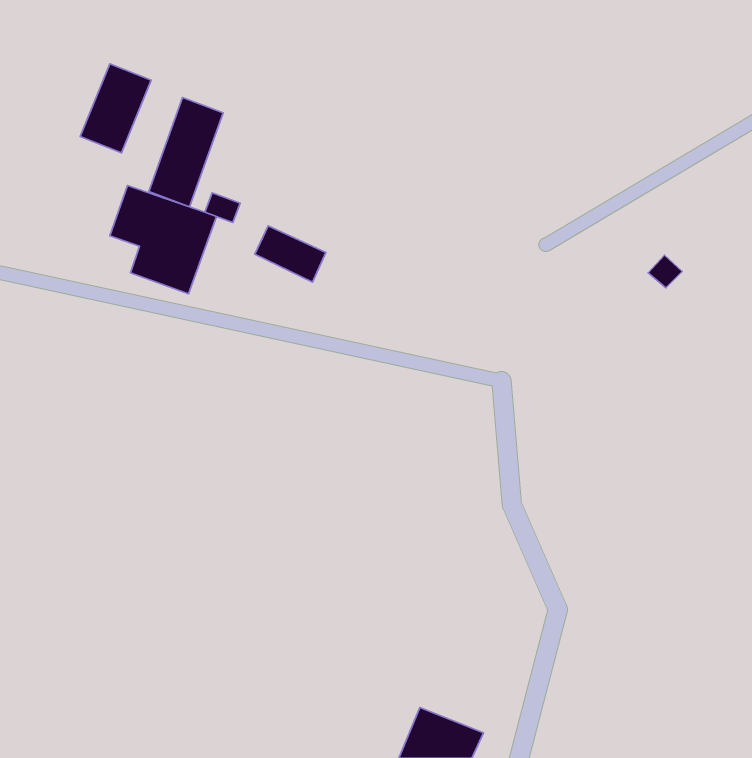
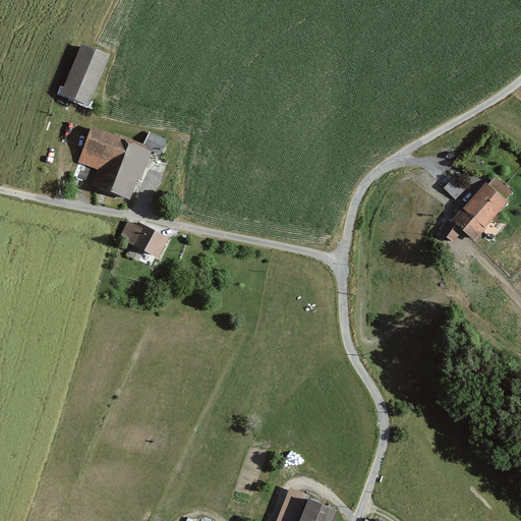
building: [149,98,223,207] -> none
building: [255,226,326,282] -> [119,220,168,258]
building: none -> [441,179,510,240]

